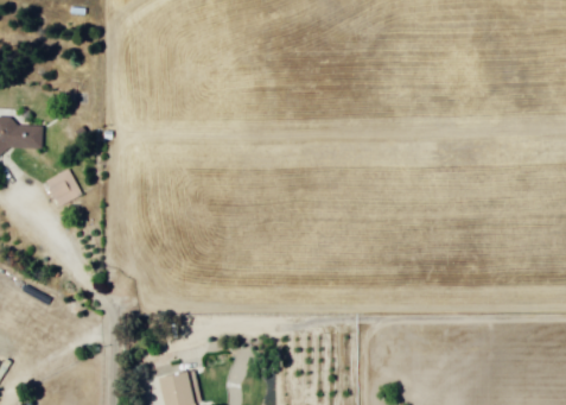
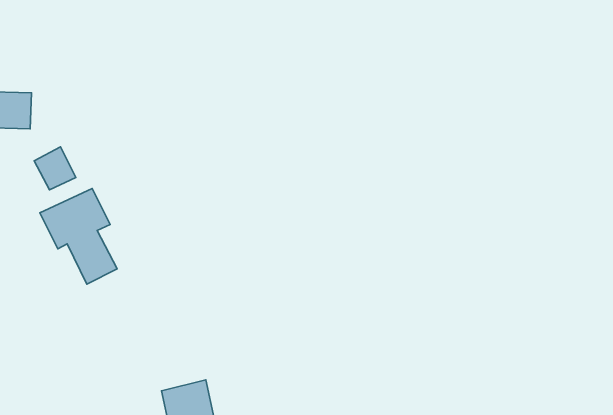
building: none -> [40,188,117,284]

